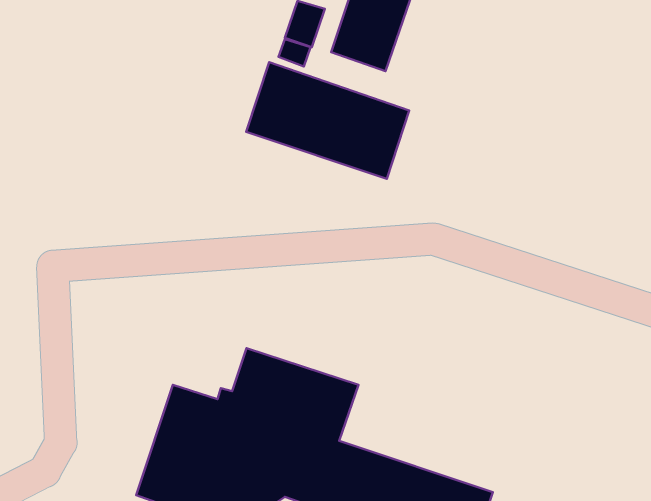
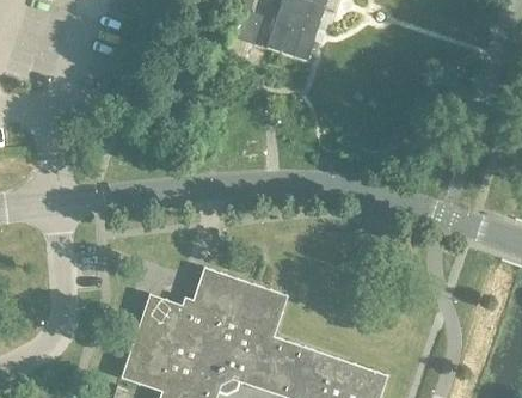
building: [246,62,409,179] -> none

